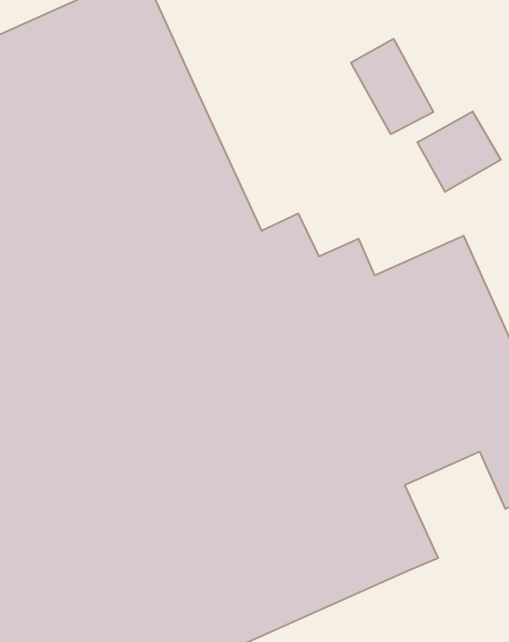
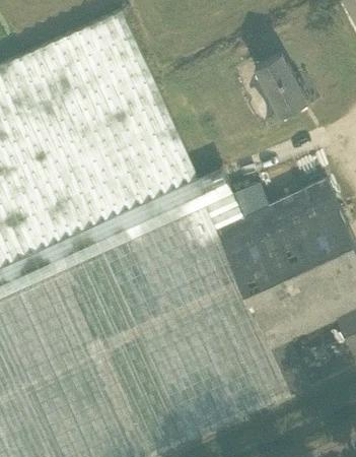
building: [417,111,501,192] -> none

